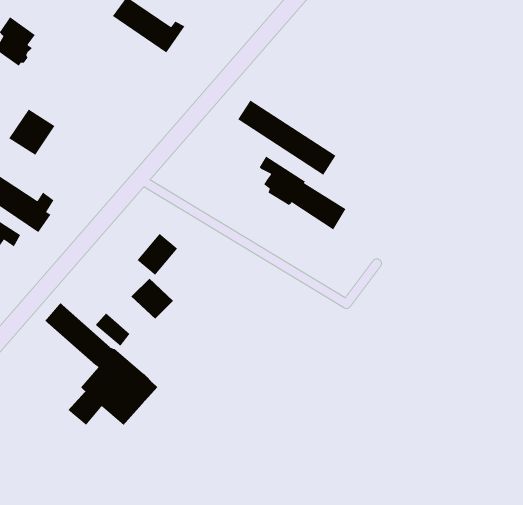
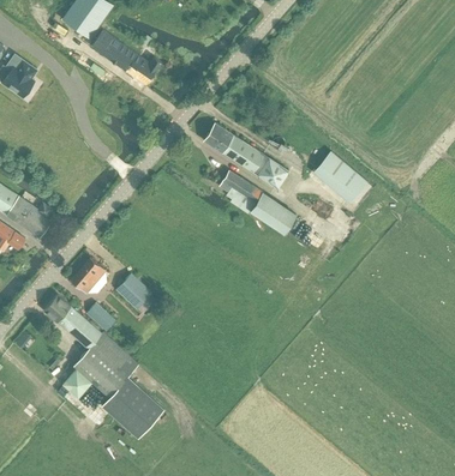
building: [8,109,56,156] -> none
building: none -> [312,151,366,203]
building: [136,233,178,276] -> [71,257,106,293]
building: none -> [101,376,163,438]

